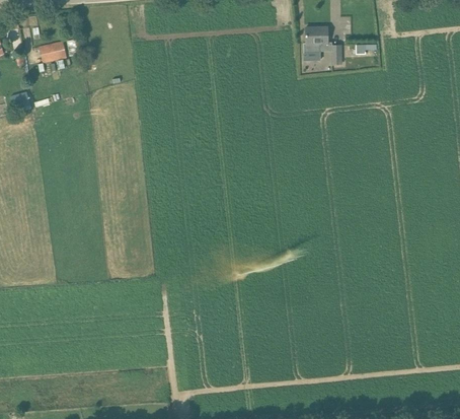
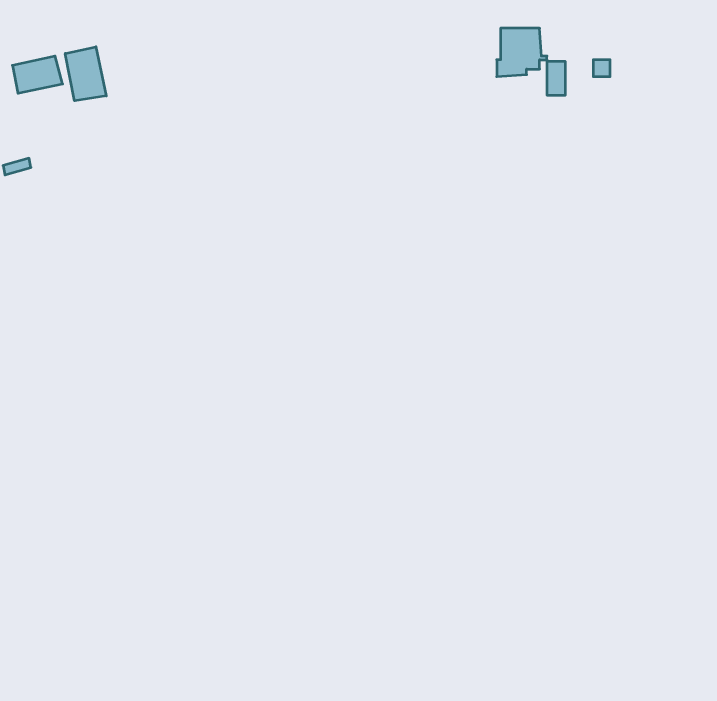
building: none -> [65,47,106,101]

